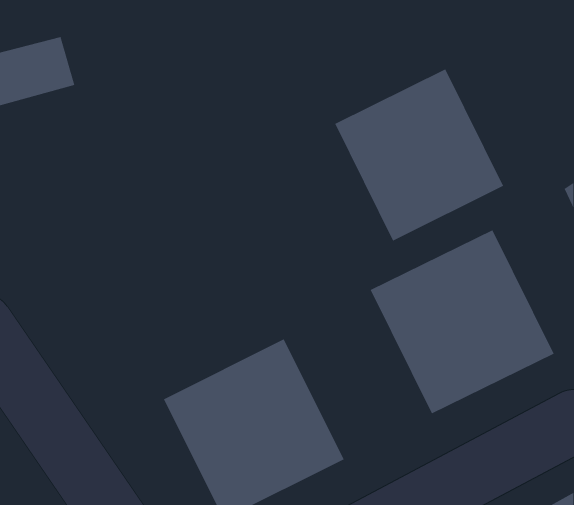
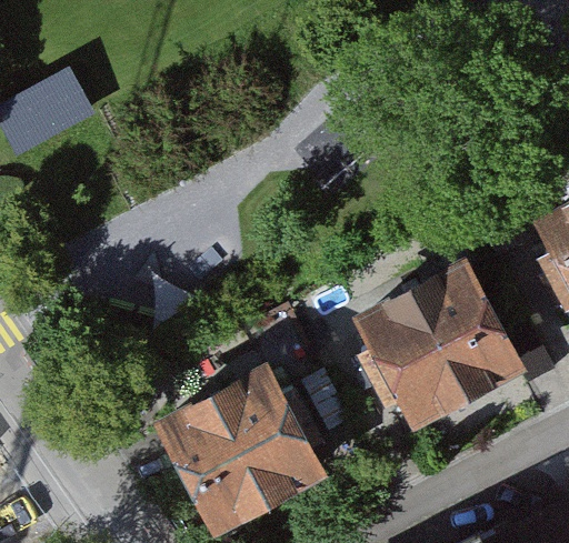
building: [335,68,504,241] -> none

